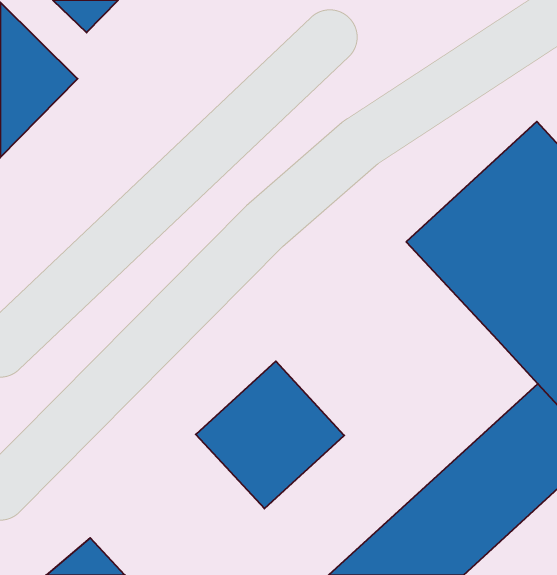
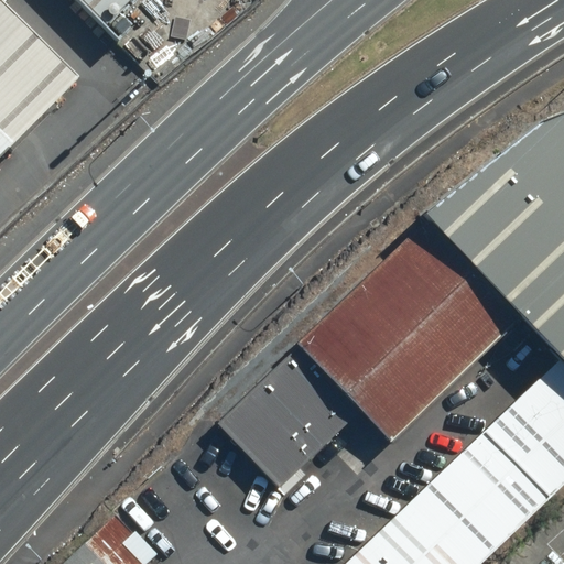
building: none -> [288,237,505,451]

